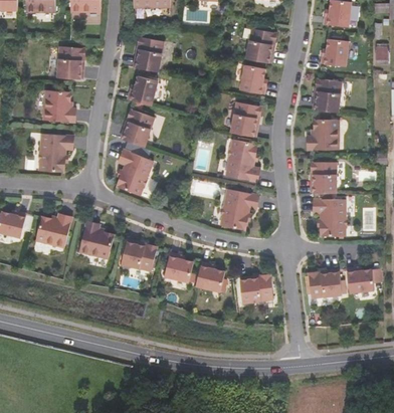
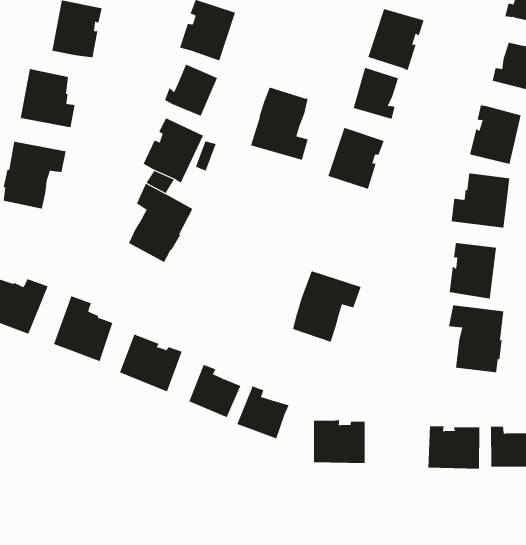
building: [225,140,259,181] -> [250,87,309,160]

